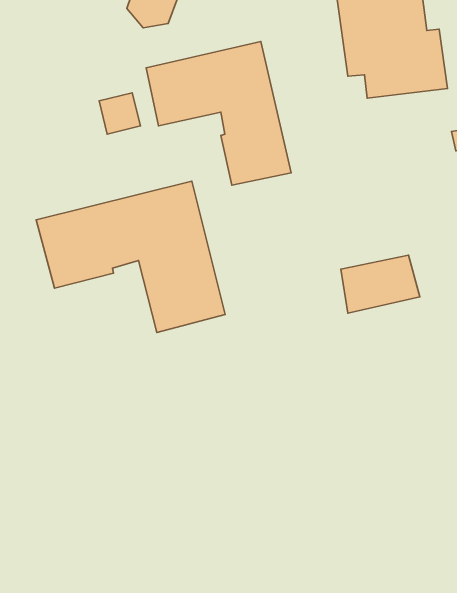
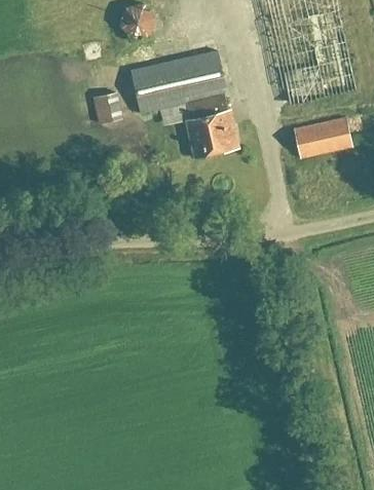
building: [36,181,225,333] -> none
building: [341,255,420,313] -> [293,117,351,160]

